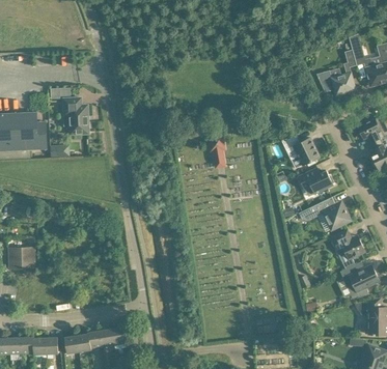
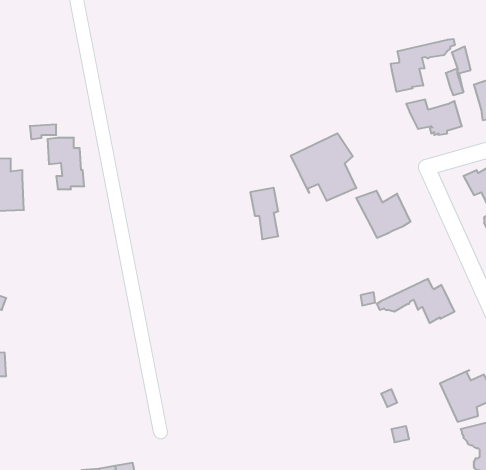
building: none -> [391,39,455,92]
building: none -> [291,133,356,201]
building: [299,168,334,198] -> none
building: [331,229,365,260] -> none

